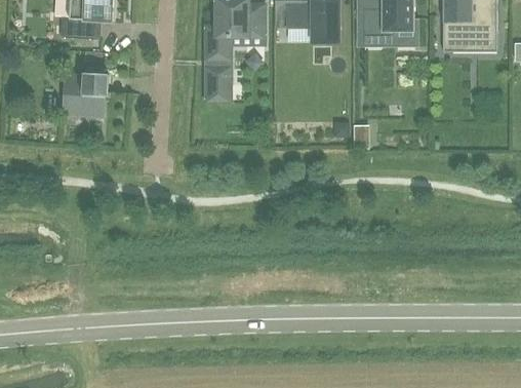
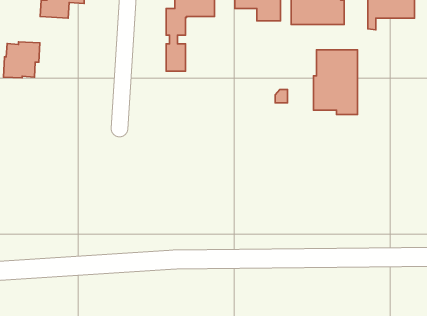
building: [66,73,108,115] -> [4,42,40,78]
building: none -> [314,50,358,115]

